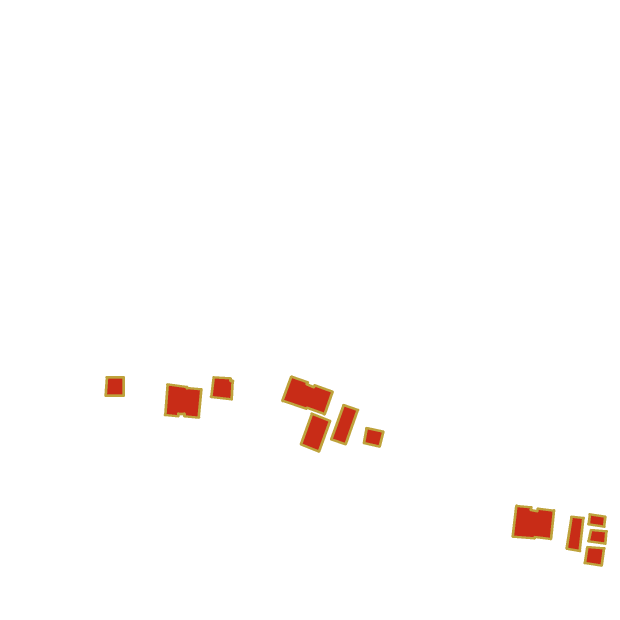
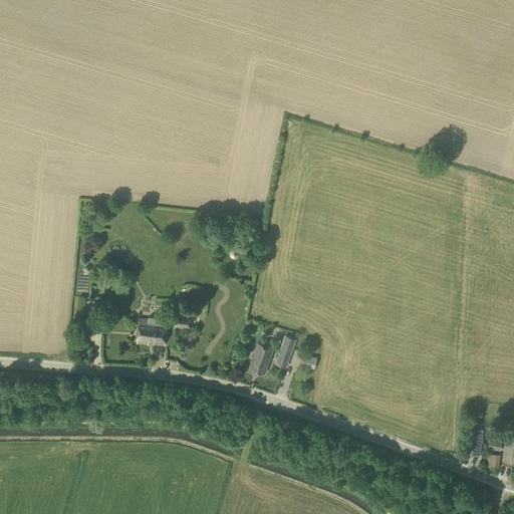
building: [283,377,332,414] -> none
building: [513,506,554,539] -> none

